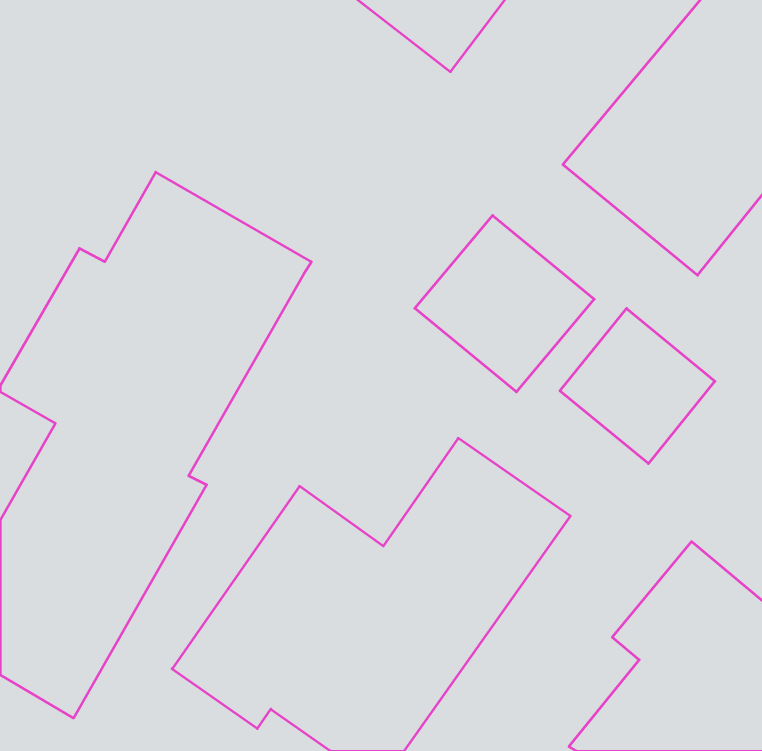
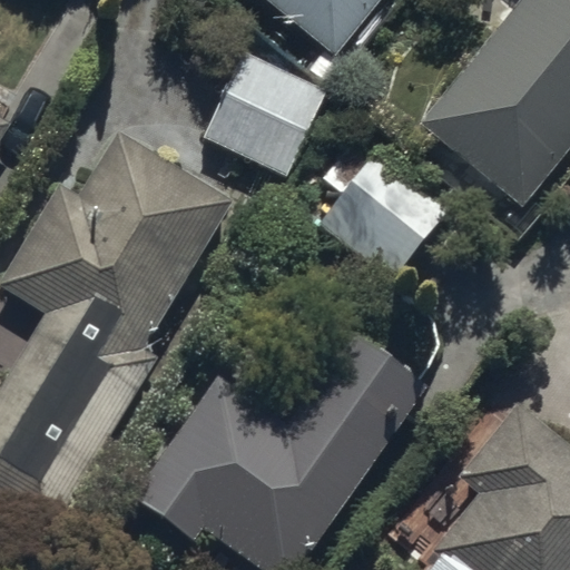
building: none -> [200,47,331,178]
building: [560,308,715,464] -> none

